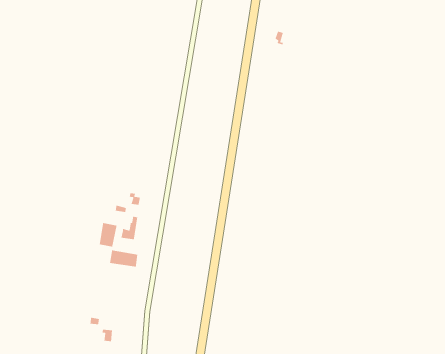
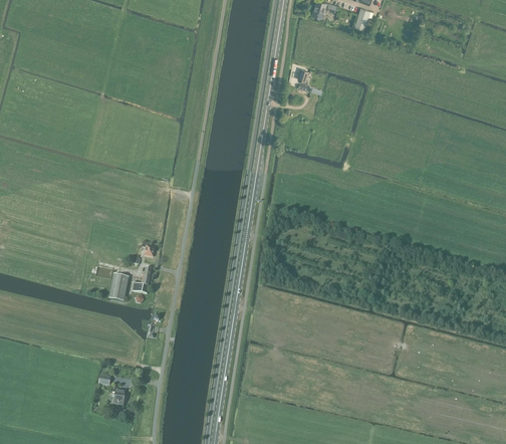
building: [109,250,138,267] -> none

